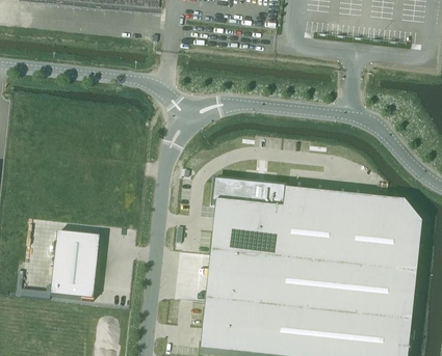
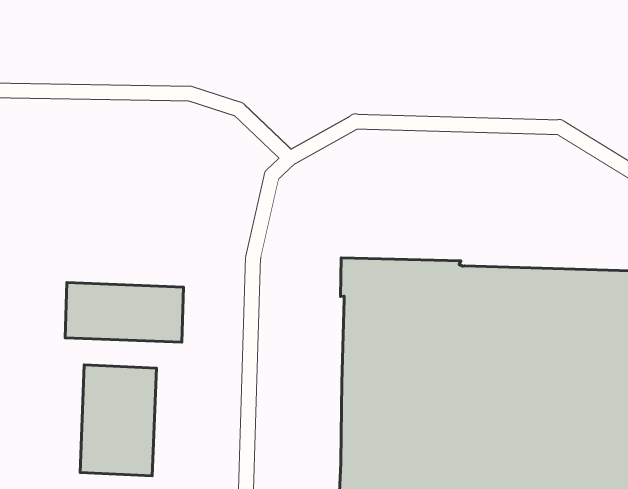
building: none -> [65,283,183,342]

